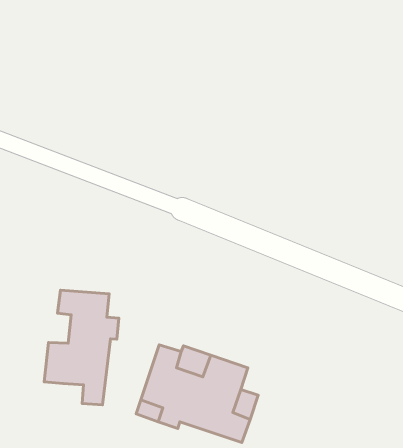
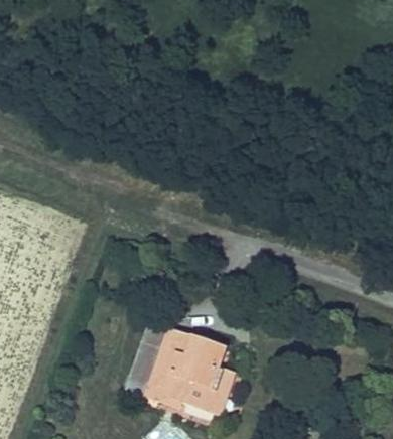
building: [44,290,119,405] -> none

